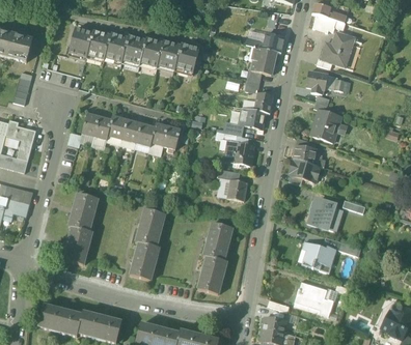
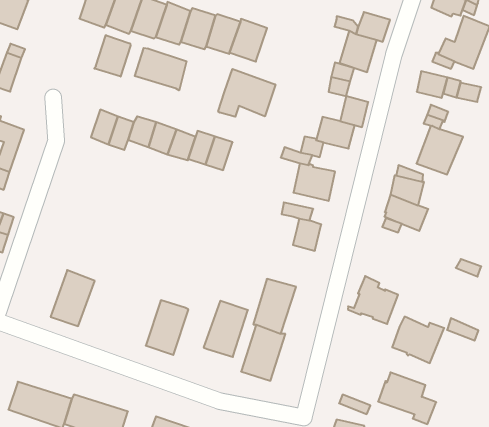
building: none -> [94,35,131,77]
building: none -> [135,48,187,90]
building: none -> [218,69,275,117]
building: [67,192,98,230] -> none
building: [307,198,341,230] -> [348,276,398,324]
building: [135,207,164,246] -> [204,301,248,357]

